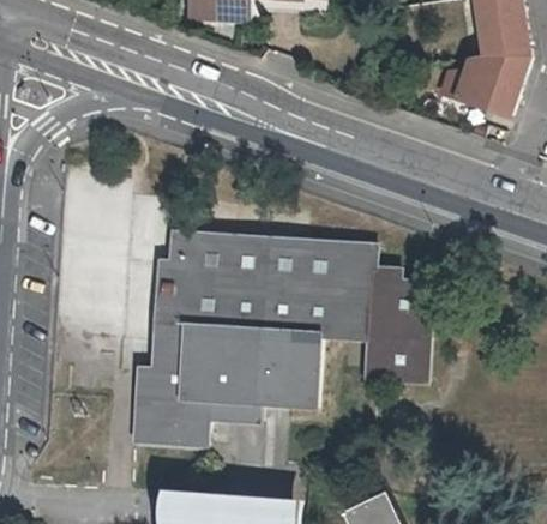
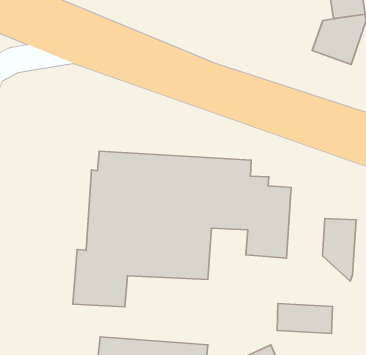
building: none -> [323,218,356,281]
building: none -> [277,303,332,334]

